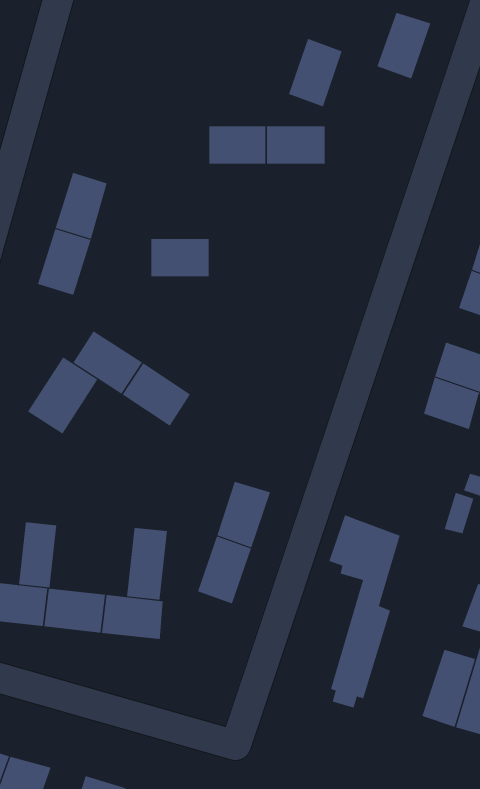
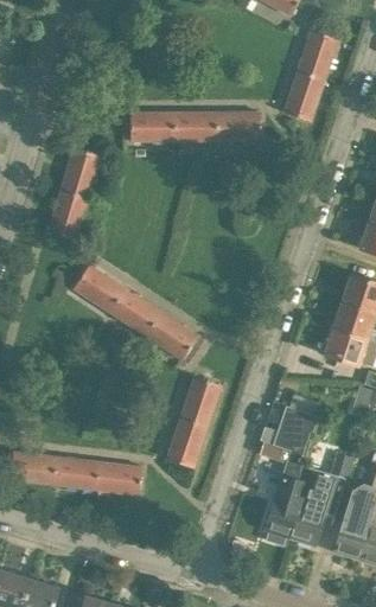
building: [288,38,343,107] -> [285,70,325,121]
building: [150,239,210,277] -> [130,114,174,142]
building: [27,357,98,435] -> none
building: none -> [146,313,198,360]
building: none -> [325,327,368,366]
building: [18,522,57,588] -> none
building: [127,527,167,600] -> none
building: none -> [289,453,352,547]

